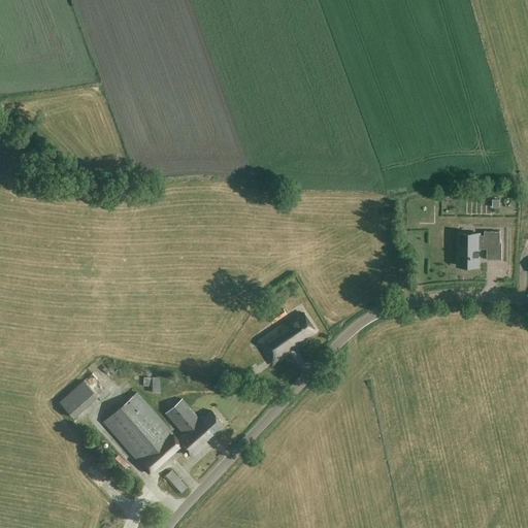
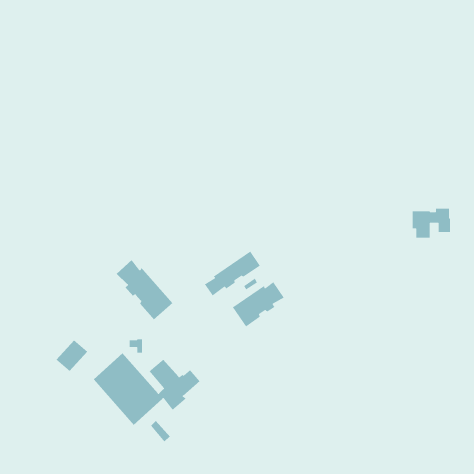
building: none -> [204,250,261,297]
building: none -> [116,259,173,321]

